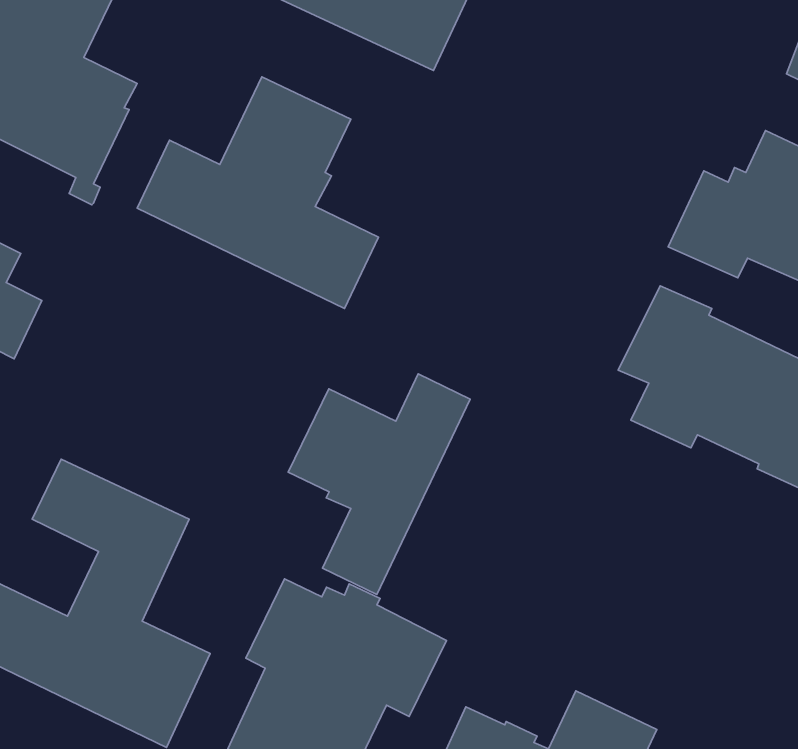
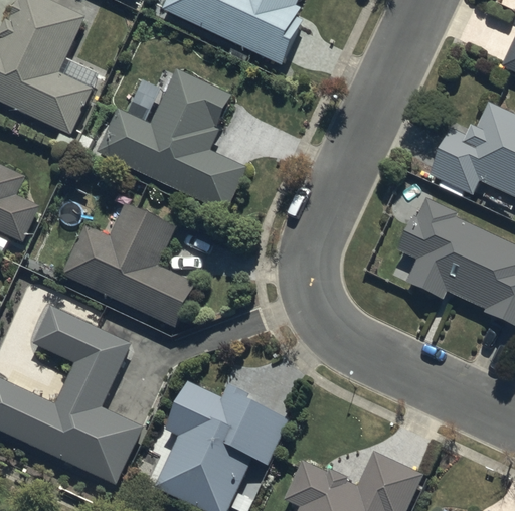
building: none -> [60,200,196,328]
building: [288,374,470,595] -> none

